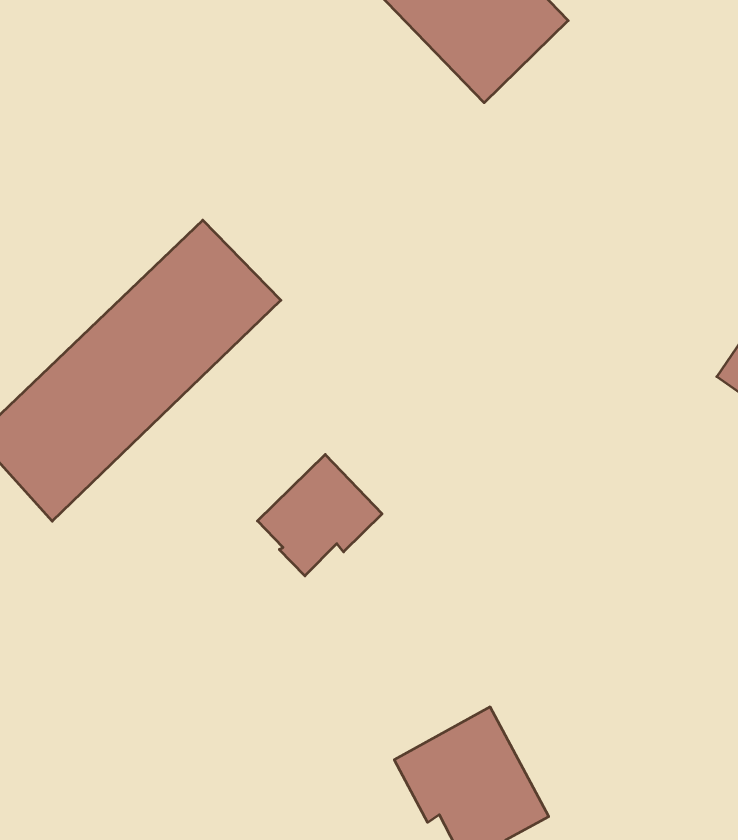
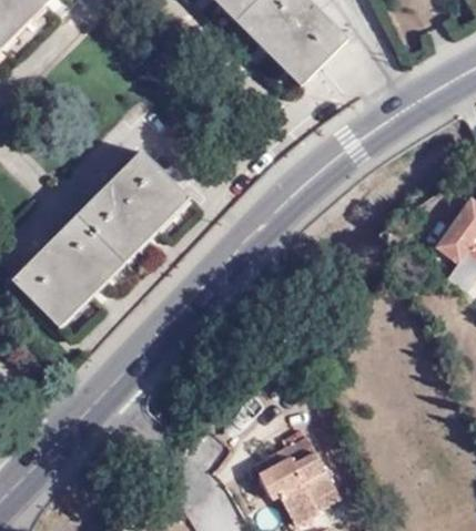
building: [257,454,382,576] -> none

